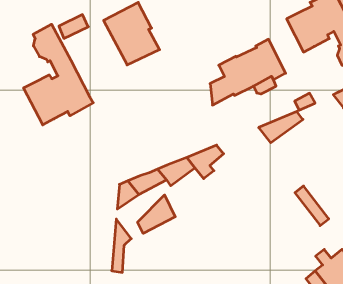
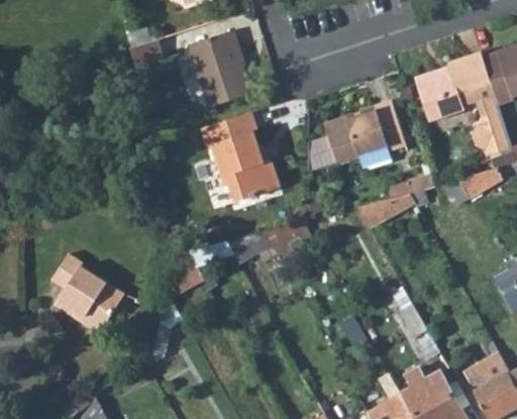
building: [24,24,93,125] -> none
building: none -> [200,110,278,199]
building: [138,195,175,233] -> none
building: none -> [49,251,124,332]

